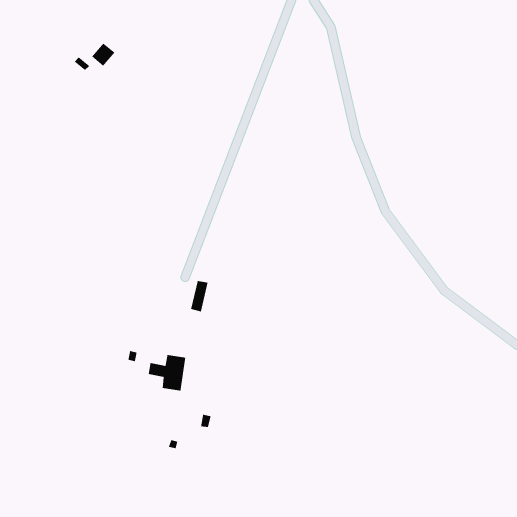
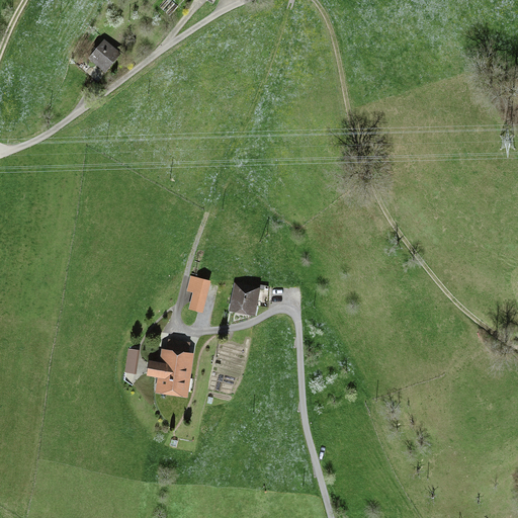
building: none -> [233,283,259,312]

